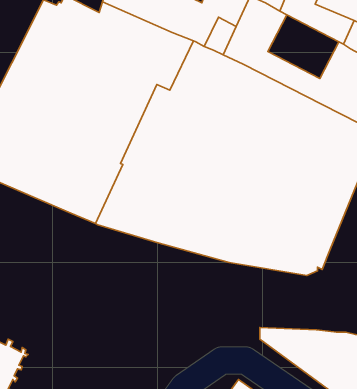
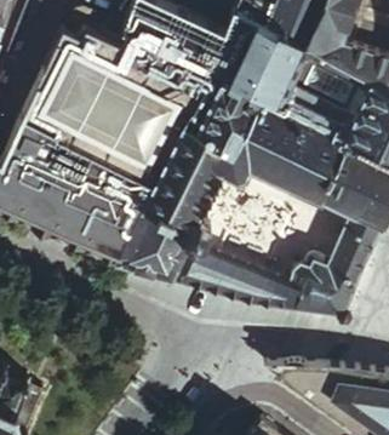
building: none -> [296,48,368,114]

